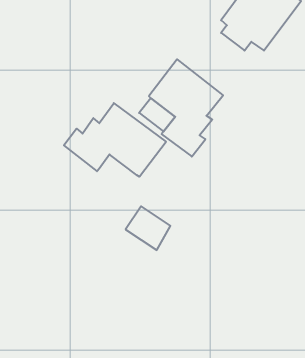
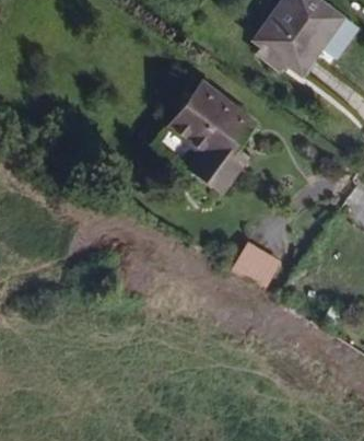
building: [64,103,166,177] -> none
building: [126,206,170,250] -> [231,239,281,288]

